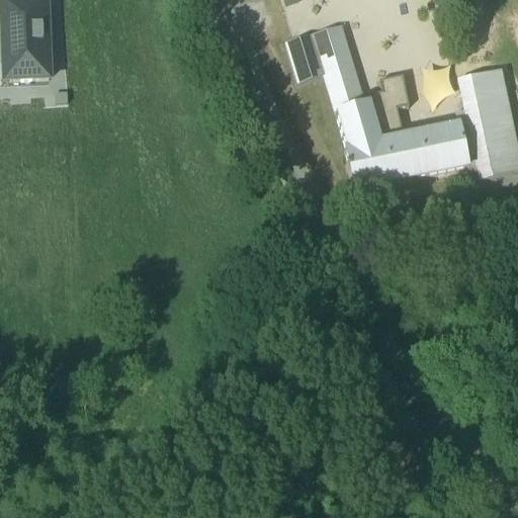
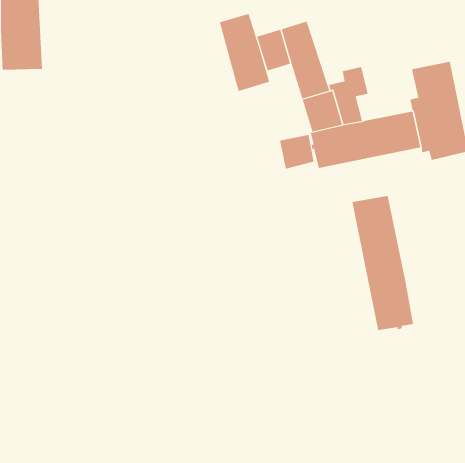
building: none -> [219,13,270,92]
building: none -> [279,134,314,169]
building: none -> [352,195,414,331]

